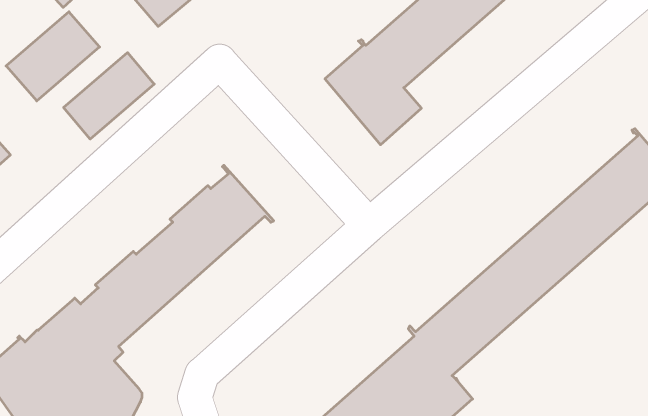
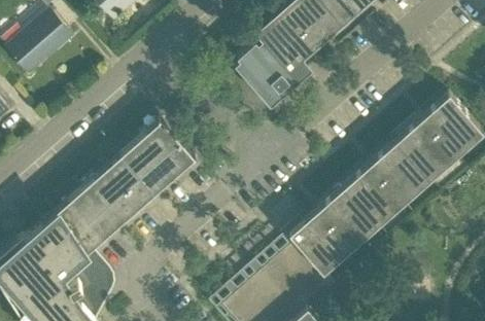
building: [64,53,154,139] -> none

